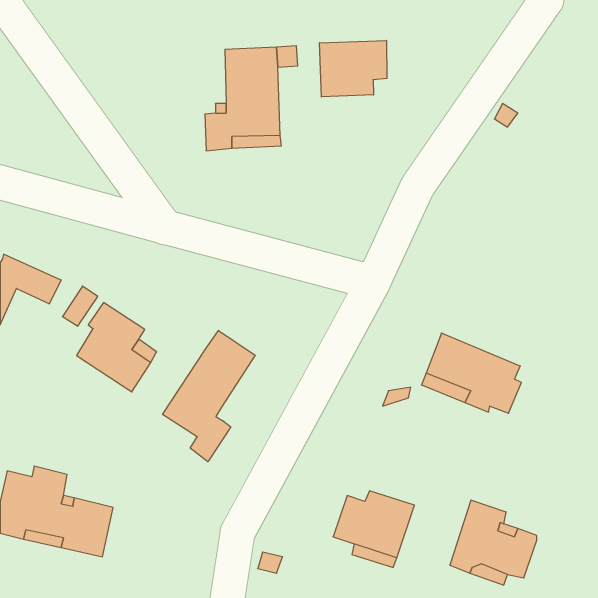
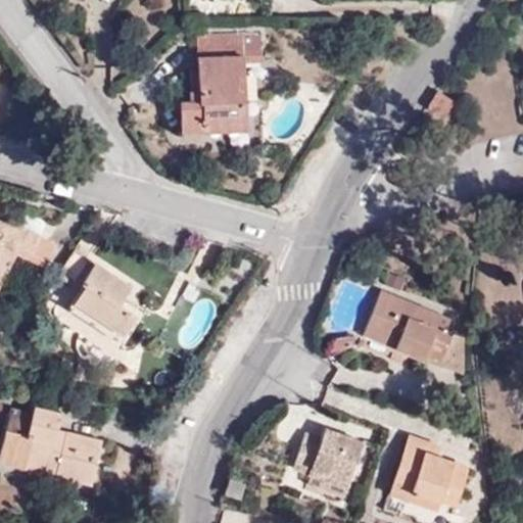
building: [320,40,387,97] -> none
building: [163,330,255,462] -> none

